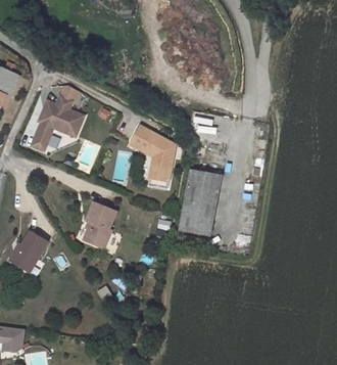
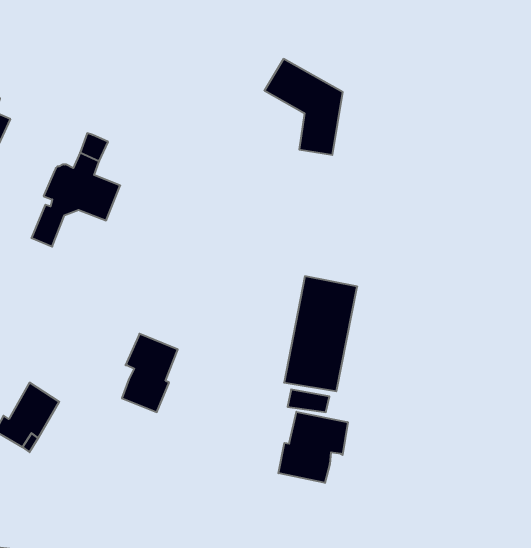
building: [128,126,174,182] -> [264,59,343,155]
building: none -> [278,412,348,483]

